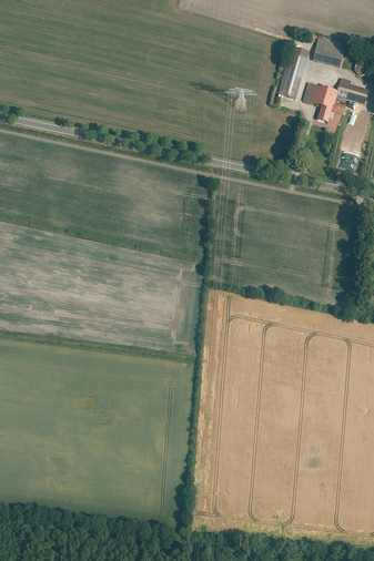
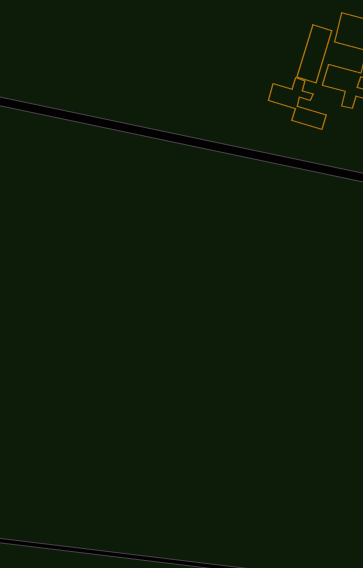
building: none -> [269,78,326,129]

